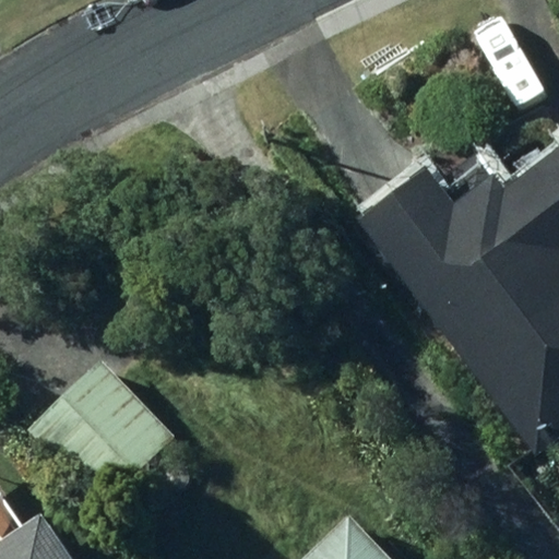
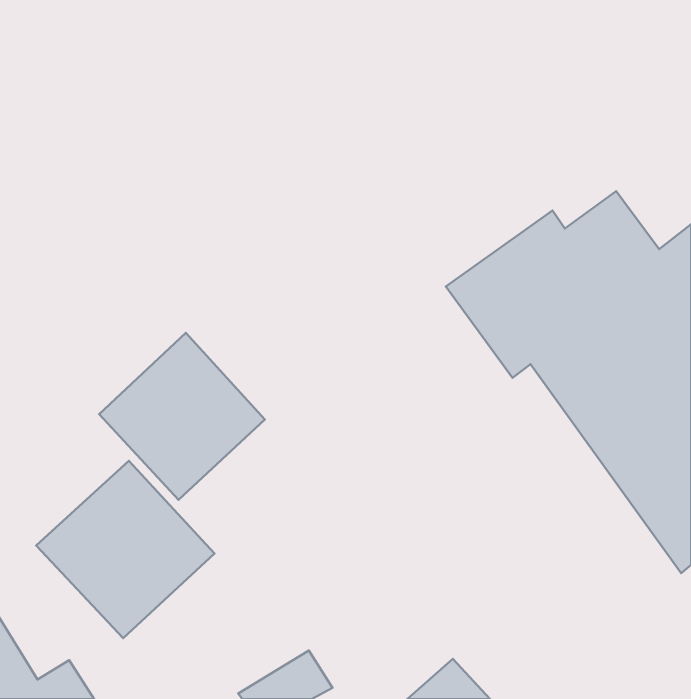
building: none -> [99,333,265,500]

